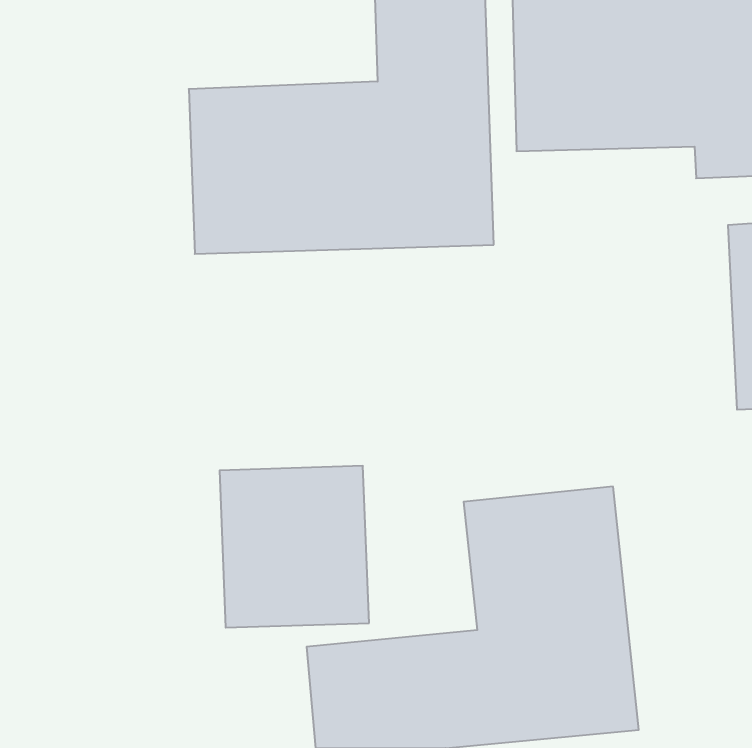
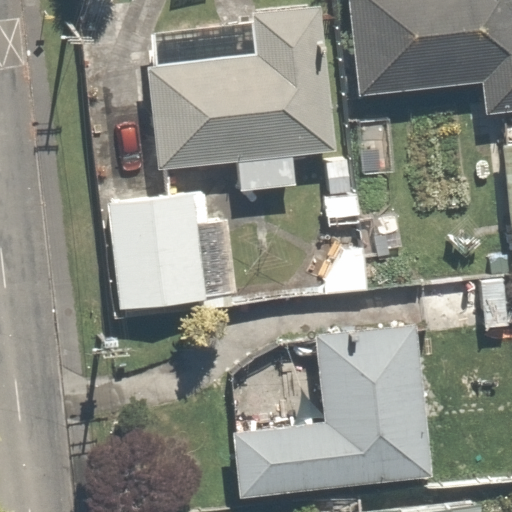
building: [220,466,369,628] -> [112,199,211,306]

